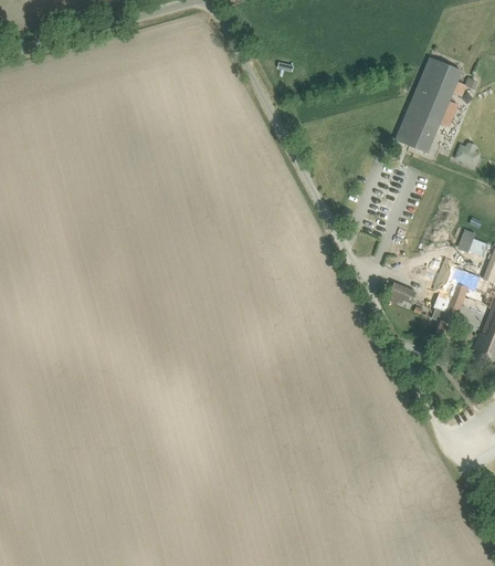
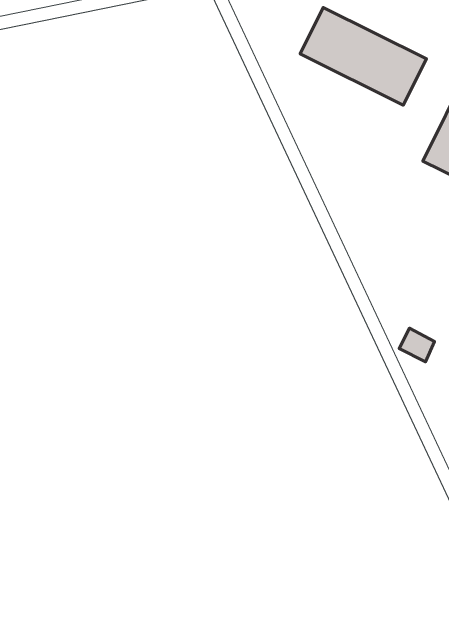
building: none -> [300,7,426,105]

